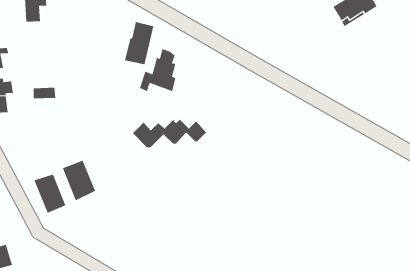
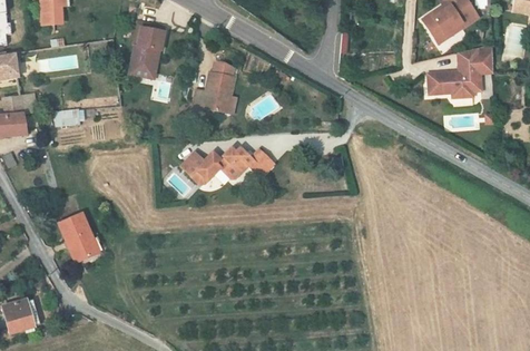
building: [124,22,154,65] -> [129,18,166,71]
building: none -> [434,40,499,90]
building: [62,160,96,201] -> none

